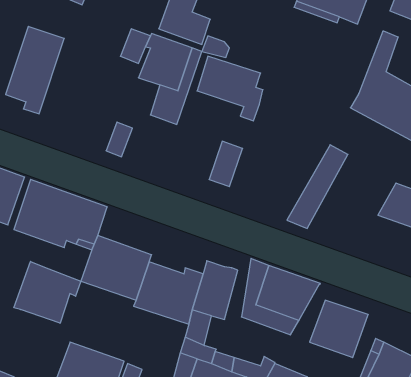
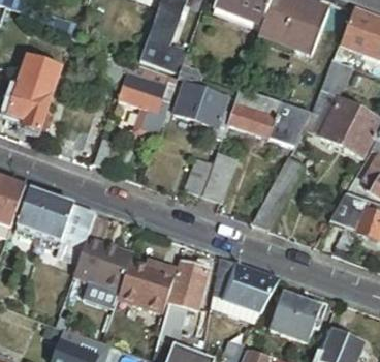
building: none -> [227,87,313,147]
building: none -> [201,154,237,203]
building: [14,261,81,323] -> none

